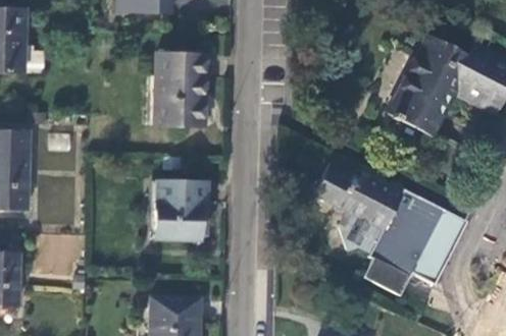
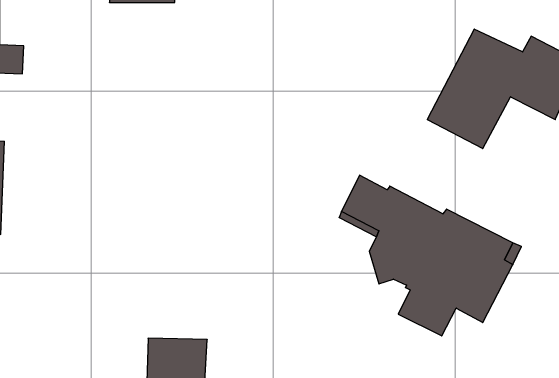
building: [143,51,207,128] -> none
building: [155,181,208,240] -> none

